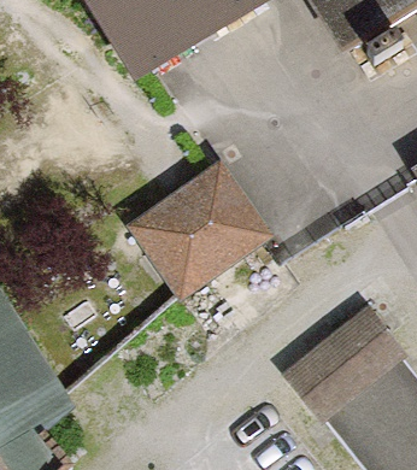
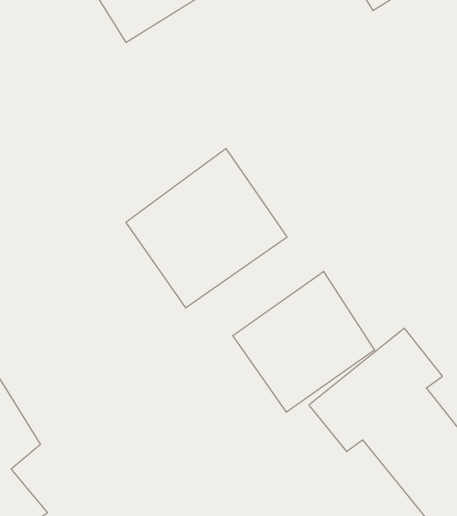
building: none -> [233,271,375,412]

